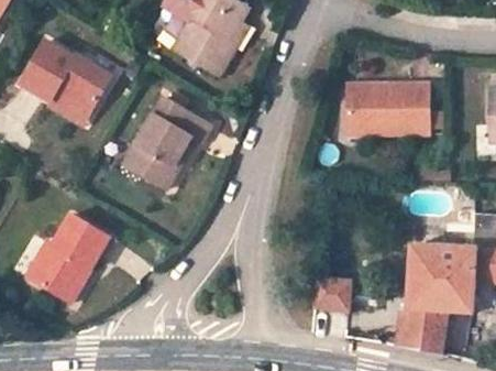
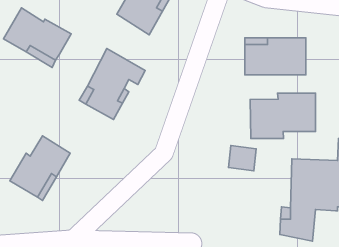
building: none -> [250,93,315,139]
building: [312,276,350,310] -> [229,146,256,171]

